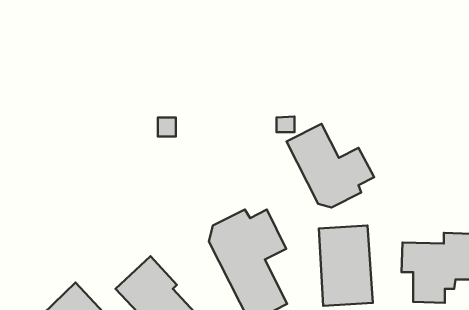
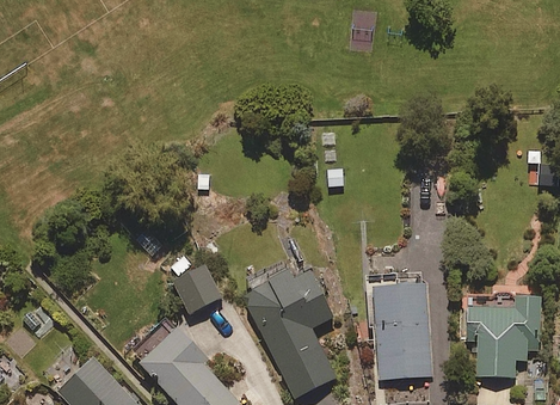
building: [287,124,374,208] -> none
building: none -> [170,265,216,312]

